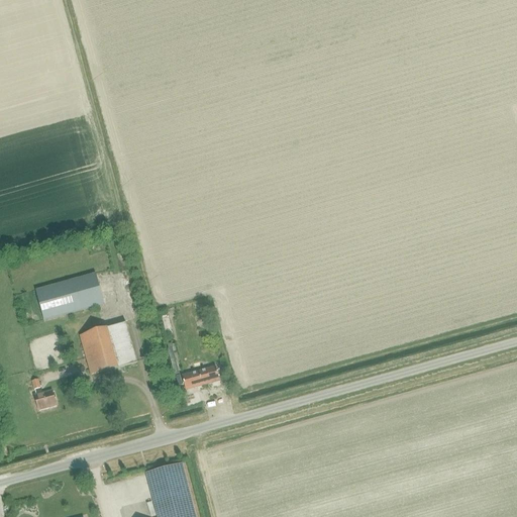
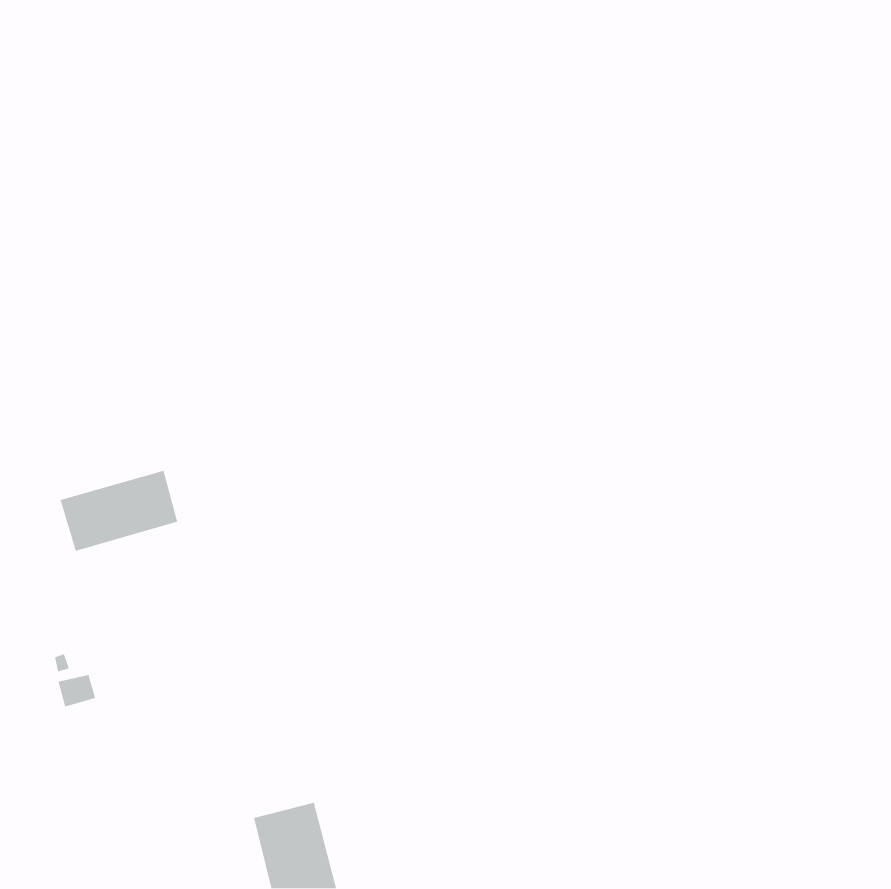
building: [80,321,136,373] -> none
building: [182,366,219,389] -> none

